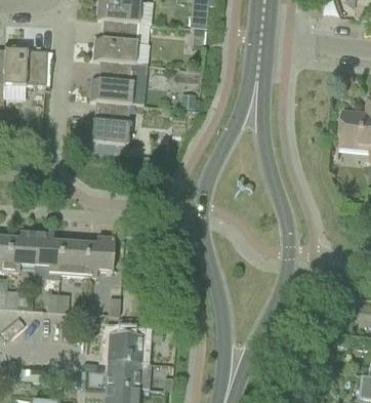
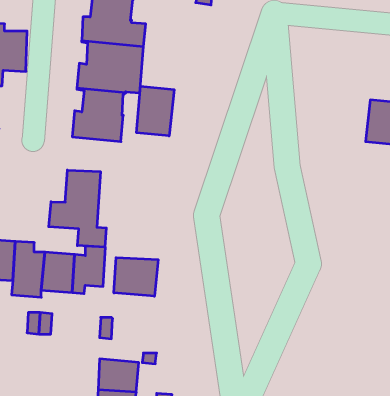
building: none -> [137,86,174,136]
building: none -> [49,170,106,247]
building: none -> [114,258,158,296]

